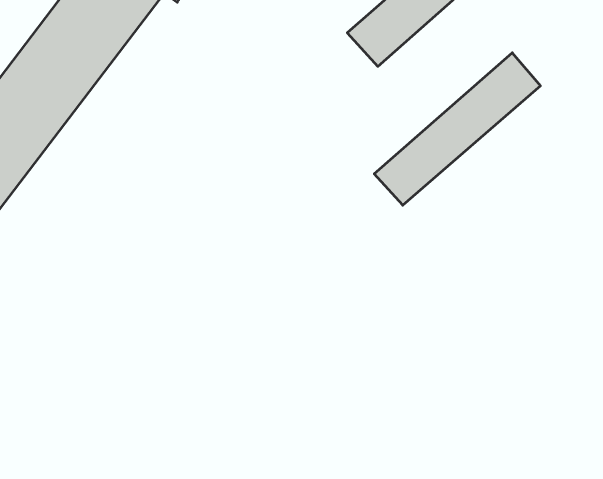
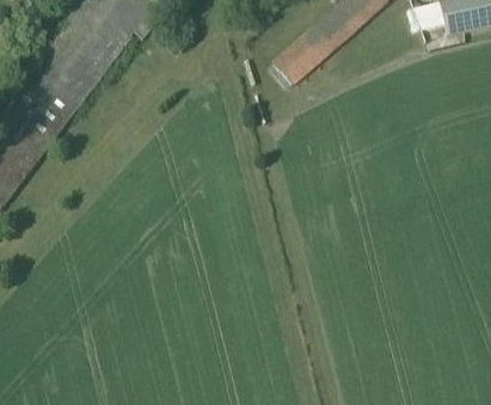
building: [374,53,540,205] -> none

